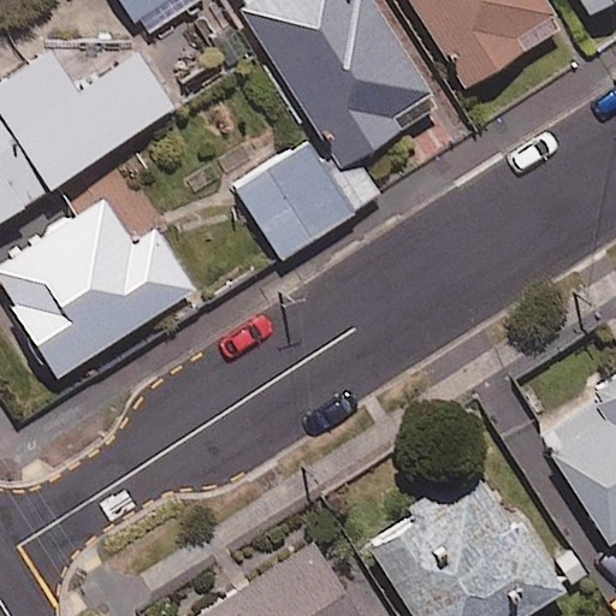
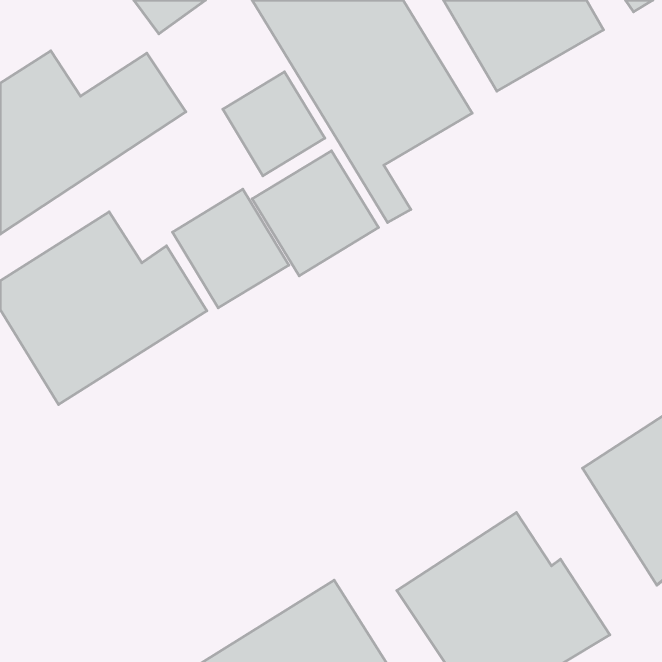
building: none -> [223,72,325,176]
building: none -> [172,189,289,308]

